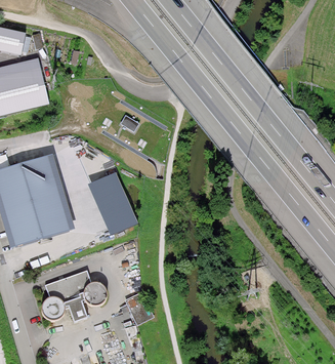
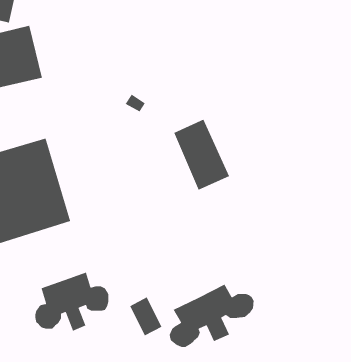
building: [89,172,138,235] -> [173,118,230,191]
building: none -> [169,284,255,348]

